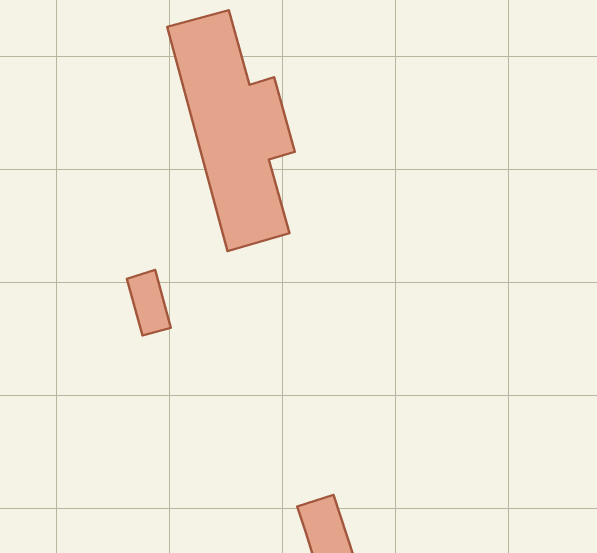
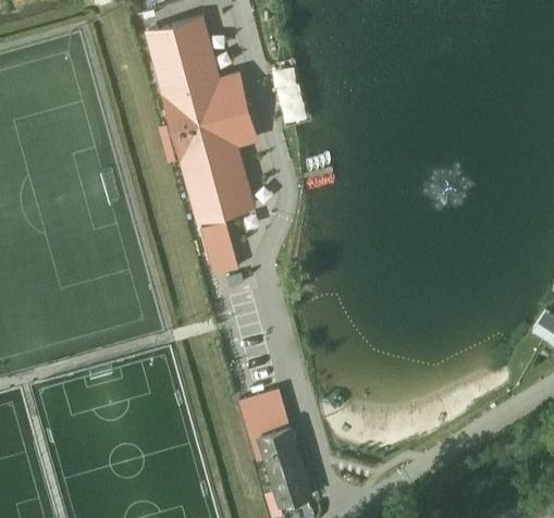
building: [127,270,171,336] -> [201,220,238,275]
building: none -> [239,390,290,464]

